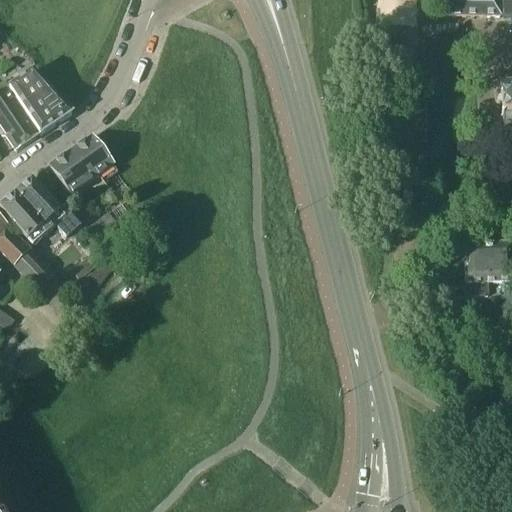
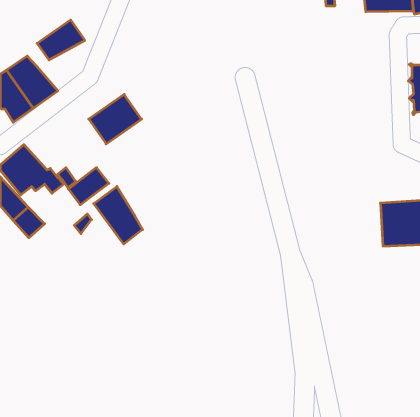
building: none -> [37,20,85,60]
building: [50,133,114,193] -> [89,94,142,144]
building: none -> [94,186,143,244]

